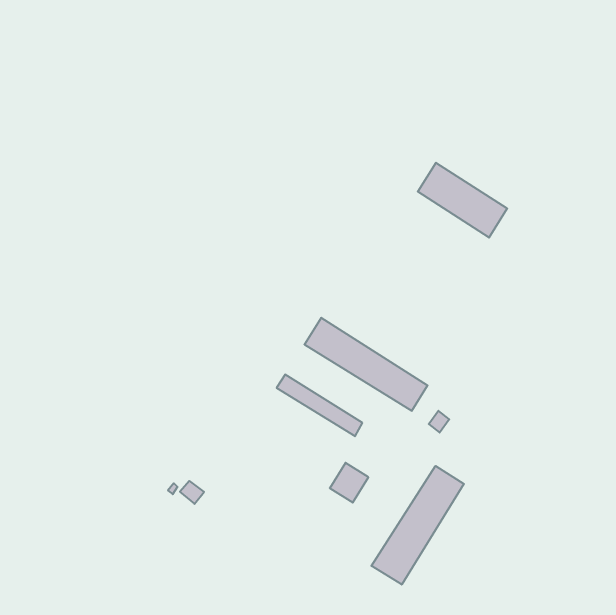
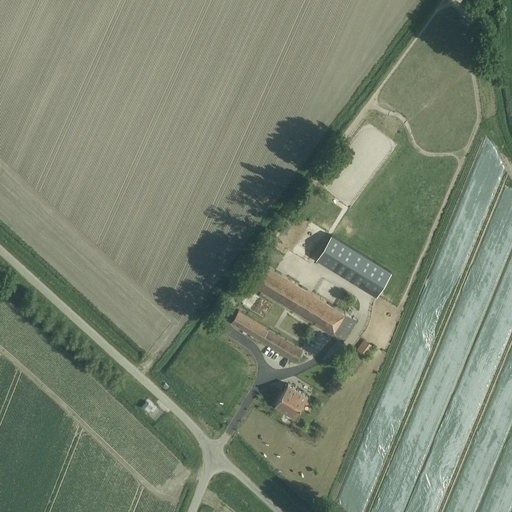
building: [418,163,507,238] -> [317,236,391,298]
building: [371,466,464,585] -> none

